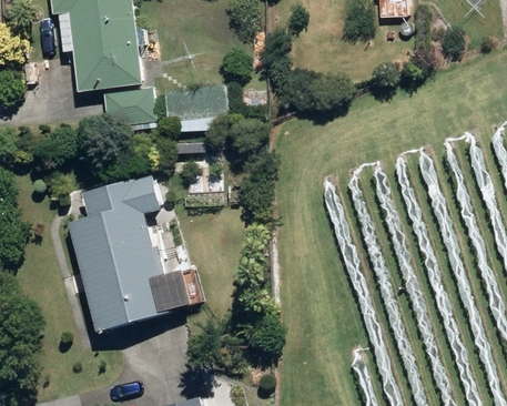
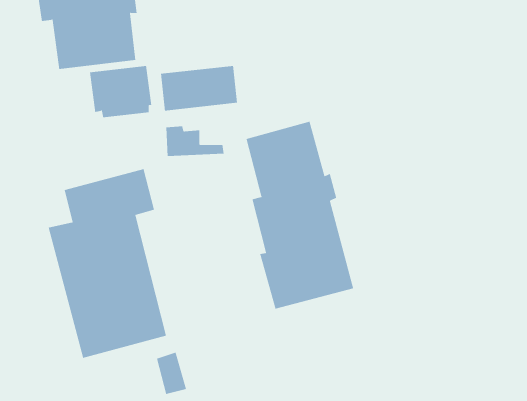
building: none -> [246,121,354,310]

